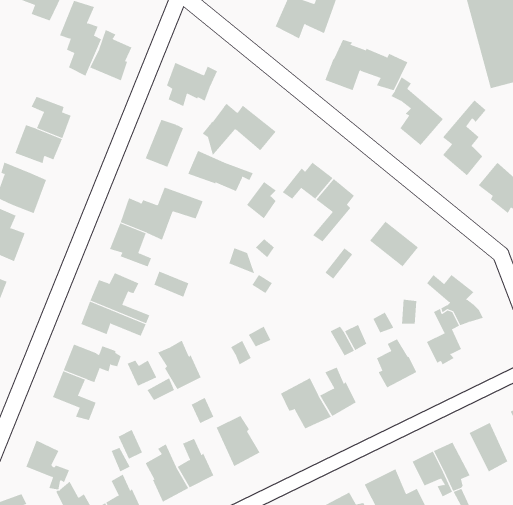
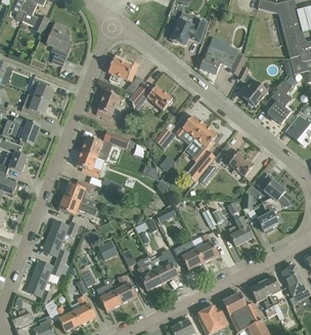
building: [90,29,132,81] -> none
building: [188,150,254,192] -> none
building: [157,340,202,390] -> [151,253,177,282]
building: none -> [34,260,69,281]

